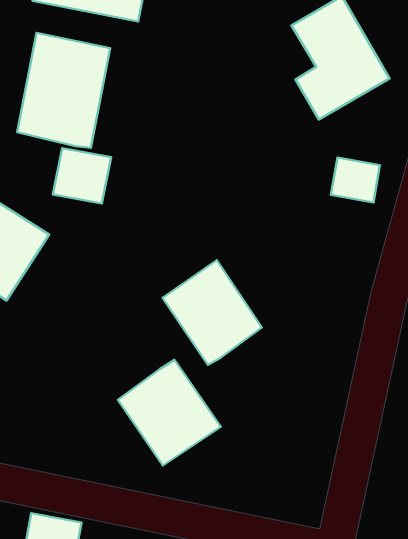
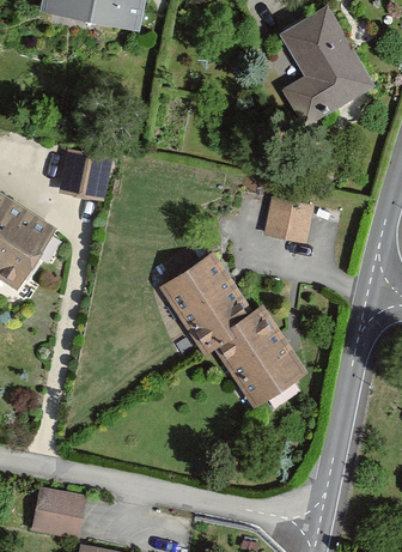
building: [17,33,110,148] -> none
building: [331,157,380,203] -> [266,199,311,241]
building: [118,360,221,466] -> [213,307,309,405]

